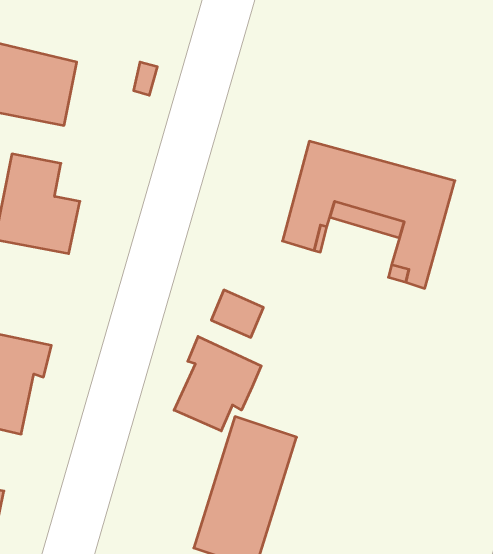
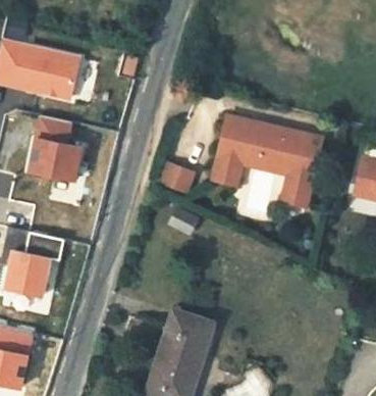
building: none -> [155,161,196,197]
building: [174,336,261,431] -> none

